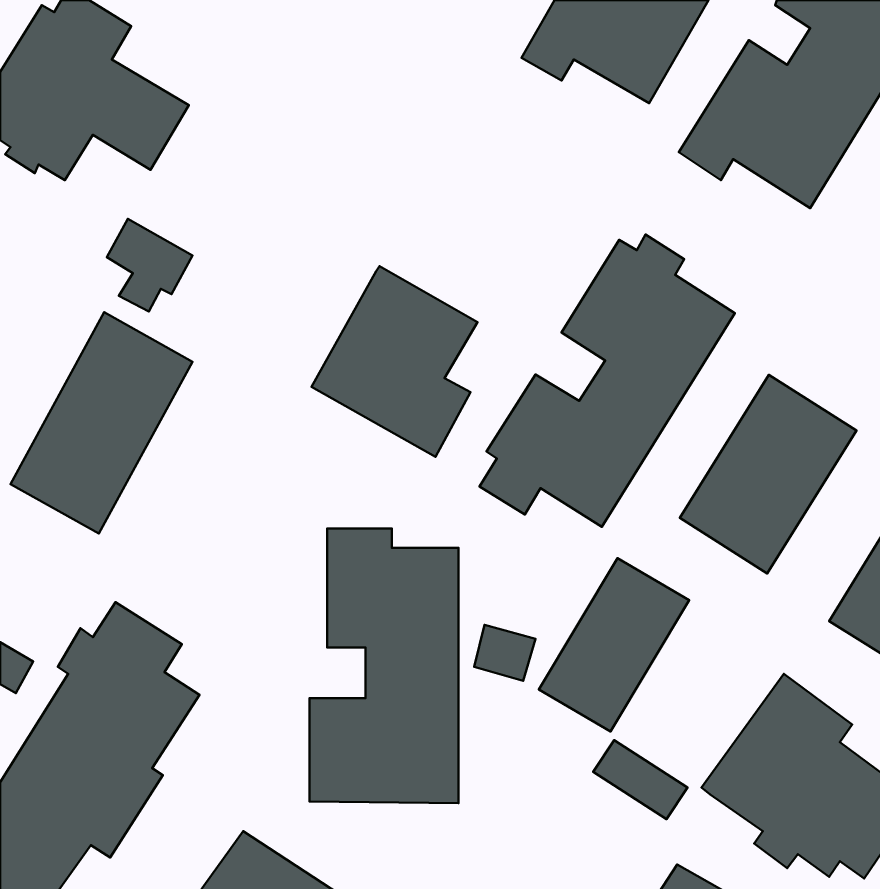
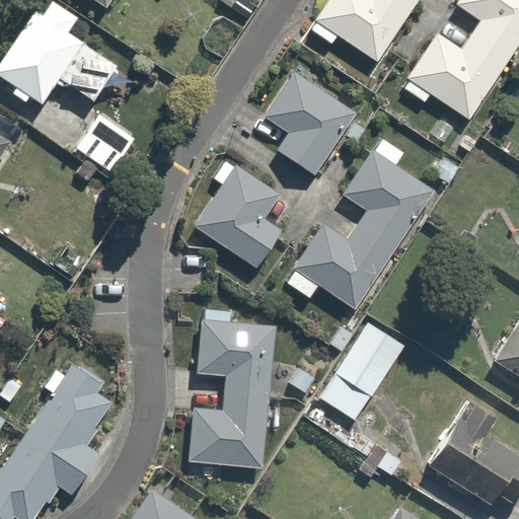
building: none -> [260,63,364,180]
building: [11,312,192,534] -> none
building: [680,375,856,574] -> none

